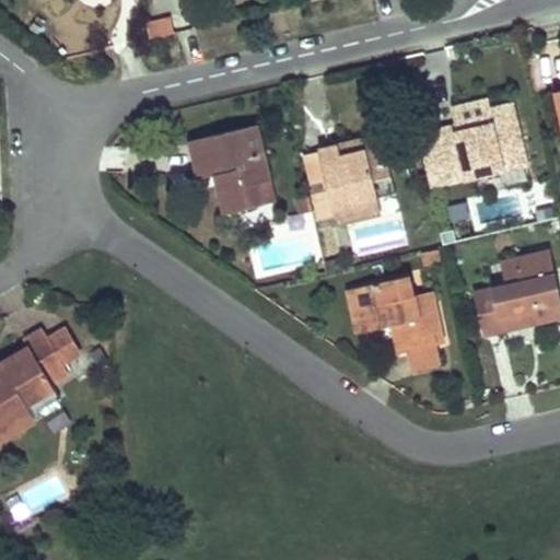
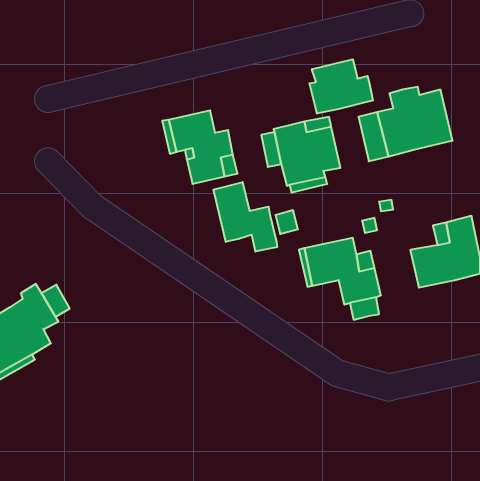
building: none -> [309,59,373,114]
building: none -> [213,182,277,252]

